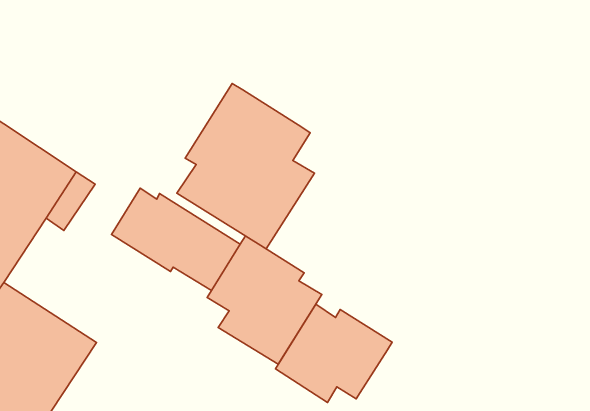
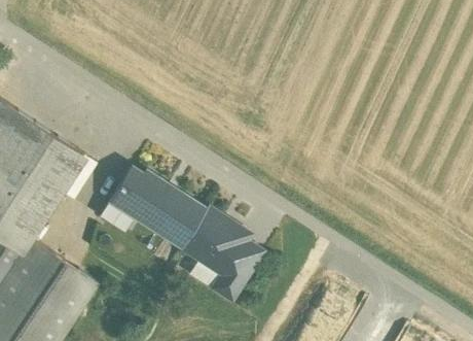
building: [177,83,314,249] -> none
building: [275,304,392,402] -> none

